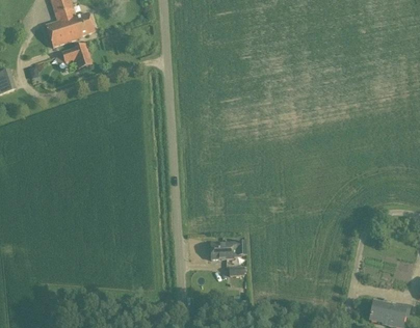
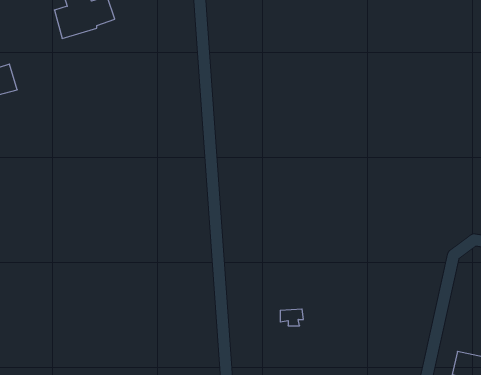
building: [61,44,91,69] -> none
building: [211,242,246,259] -> none

